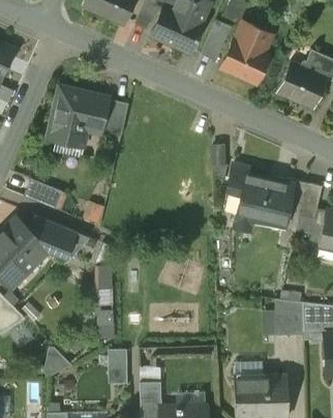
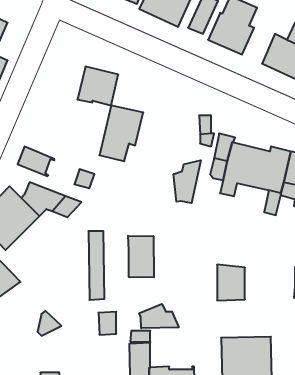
building: [49,88,94,146] -> [99,105,143,161]
building: none -> [174,160,201,203]
building: none -> [128,236,154,277]
building: [275,299,304,336] -> [217,265,245,300]
building: none -> [139,304,179,328]

